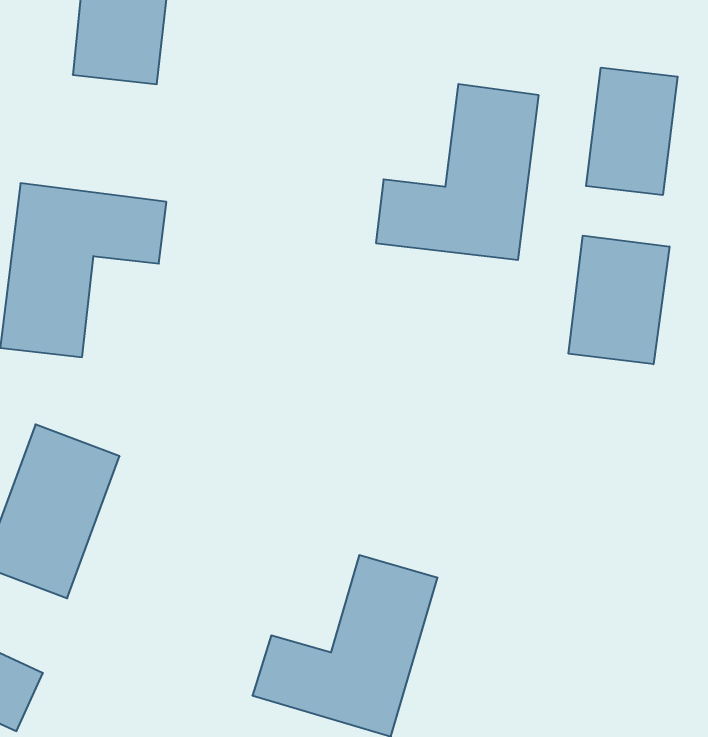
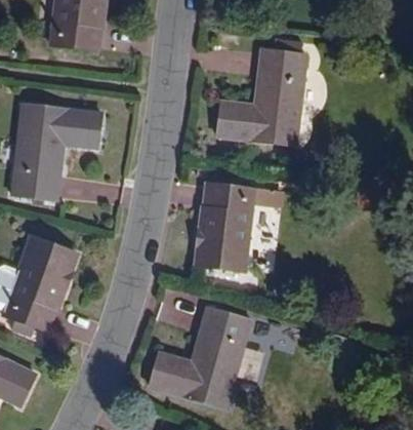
building: [586,68,678,195] -> none
building: [569,236,669,364] -> none
building: none -> [198,179,253,271]

